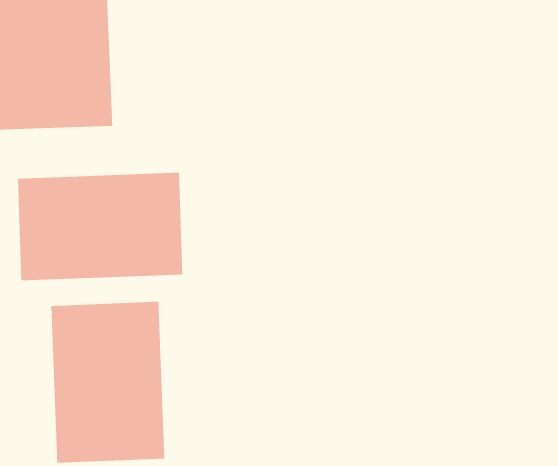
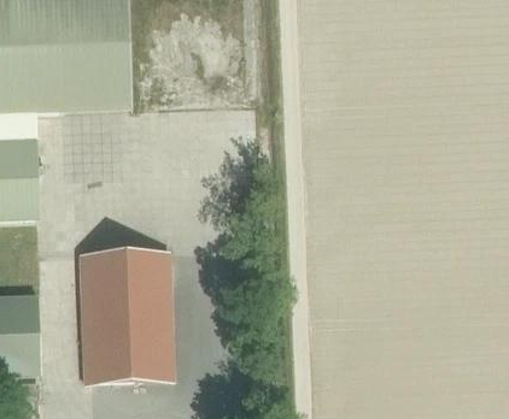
building: [17,172,183,281] -> none

